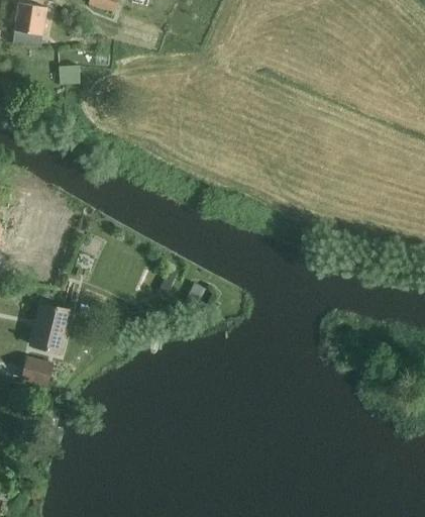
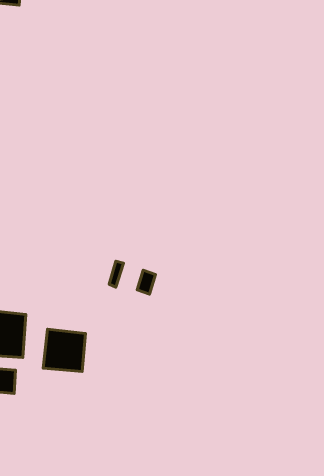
building: none -> [43,329,85,372]

